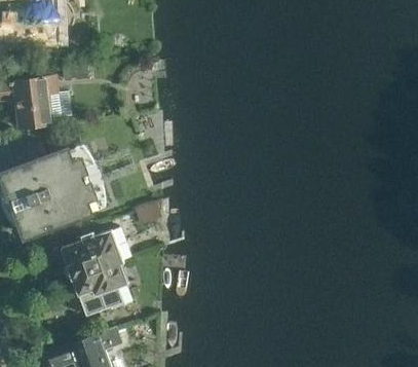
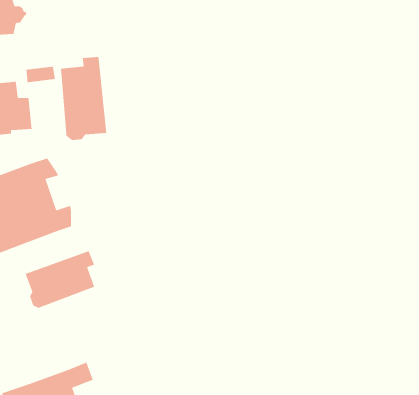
building: none -> [60,56,107,141]
building: [71,260,127,315] -> none

